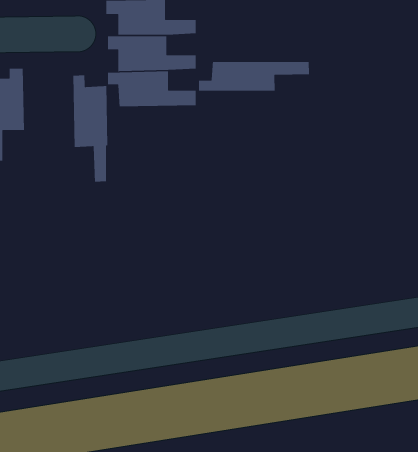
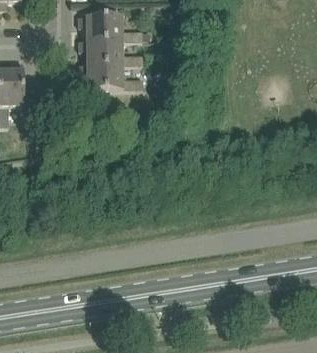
building: [198,61,310,92] -> none
building: [73,75,108,182] -> none

